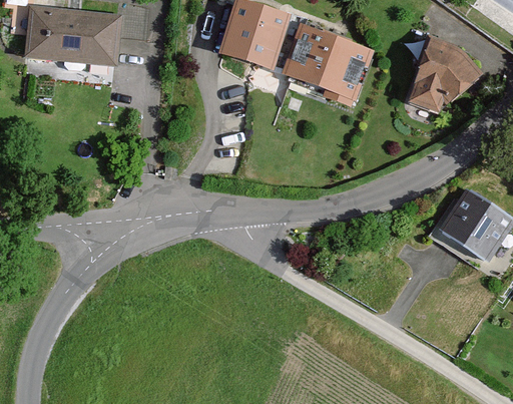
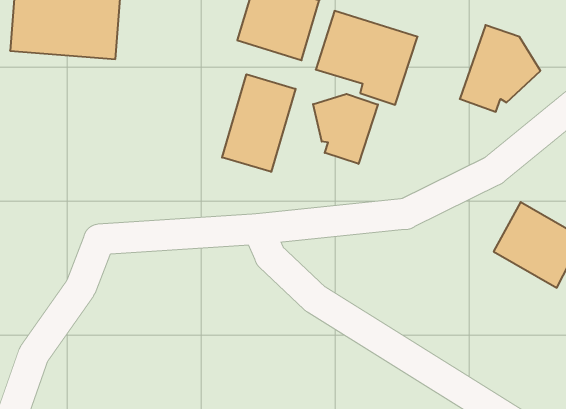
building: none -> [222,74,296,172]
building: none -> [313,94,378,164]

